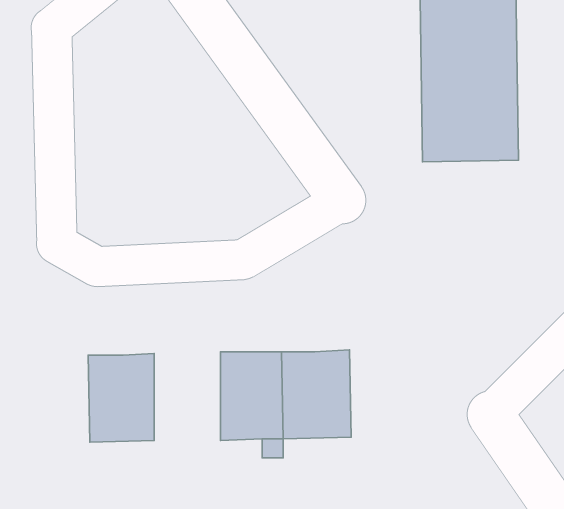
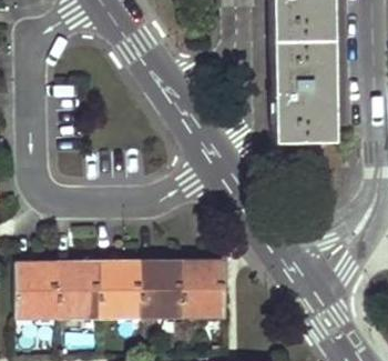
building: none -> [100,260,142,317]
building: none -> [14,262,59,319]

